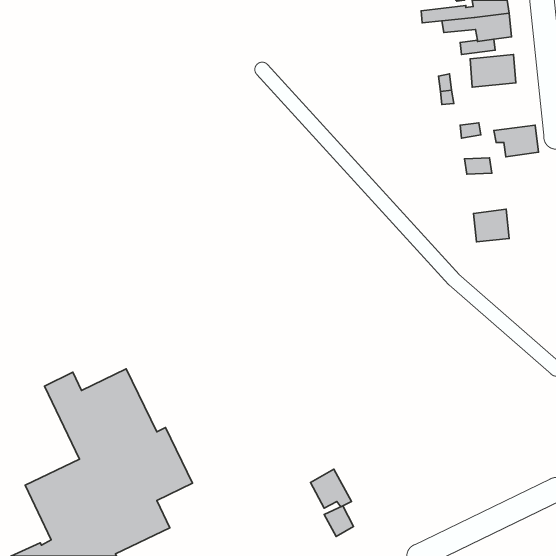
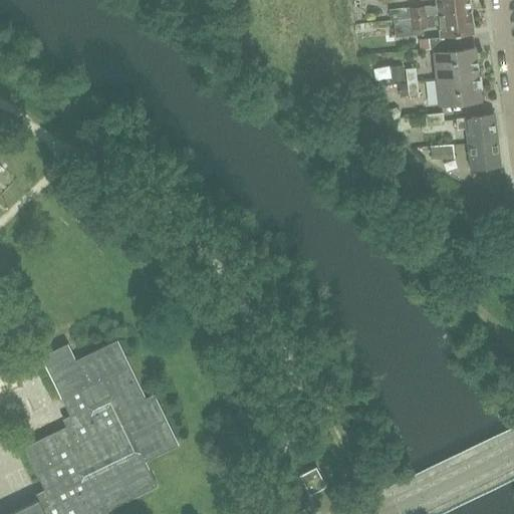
building: none -> [436,76,479,106]
building: [473,209,509,242] -> [467,141,500,171]
building: [310,469,352,508] -> none

